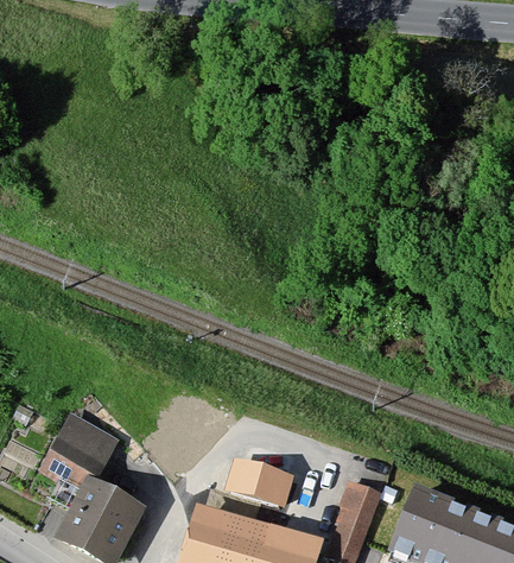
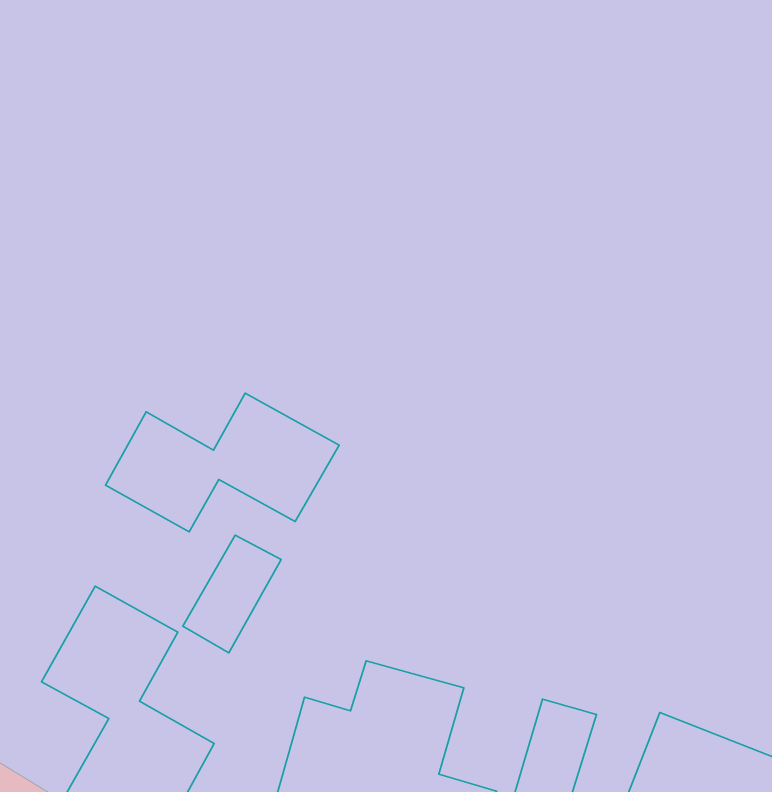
building: none -> [105,393,339,532]
building: none -> [183,535,281,653]

